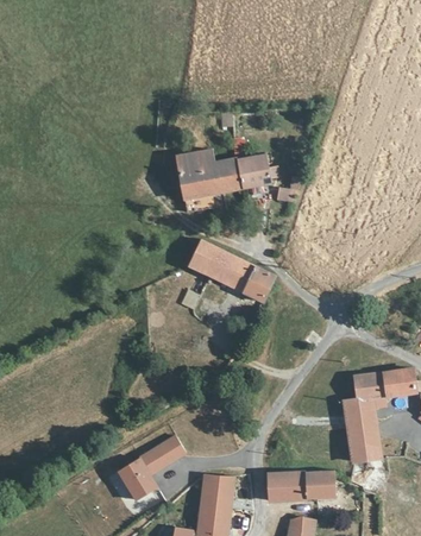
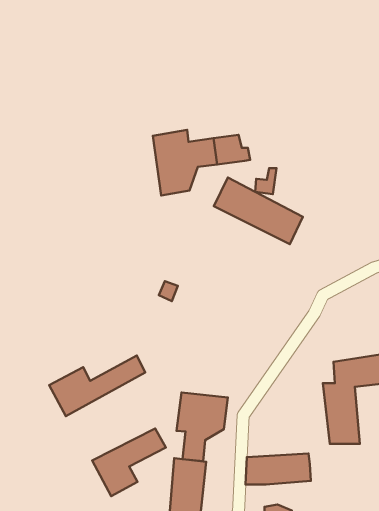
building: [183,235,272,302] -> [214,178,303,244]
building: none -> [49,355,145,416]
building: none -> [176,392,228,461]

